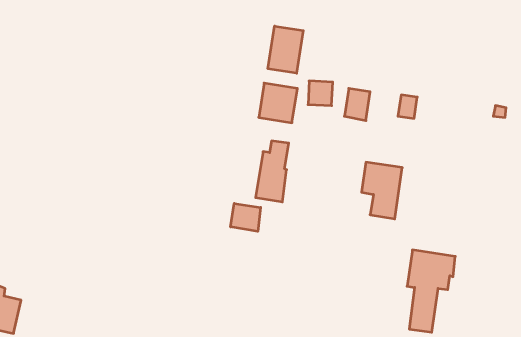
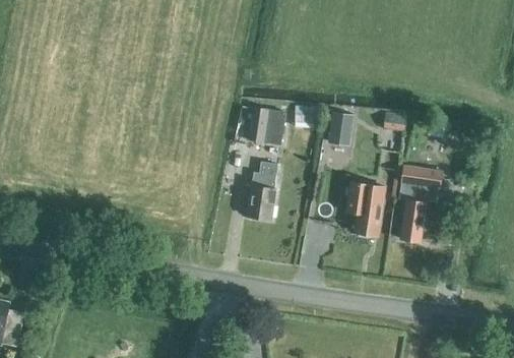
building: [268,26,303,73] -> none
building: [231,203,261,231] -> none
building: [407,250,455,332] -> [397,165,443,243]

